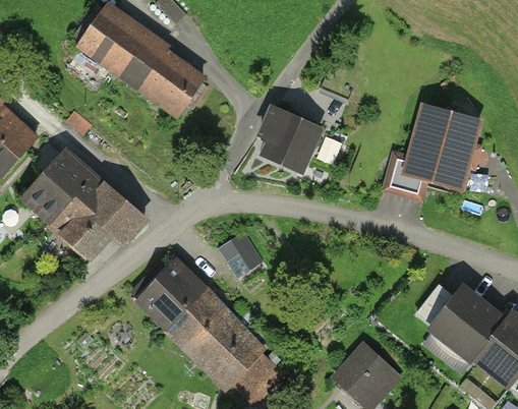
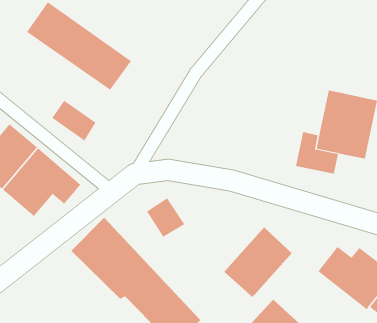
building: [264,112,339,177] -> none
building: none -> [51,100,96,141]
building: none -> [223,227,293,298]

